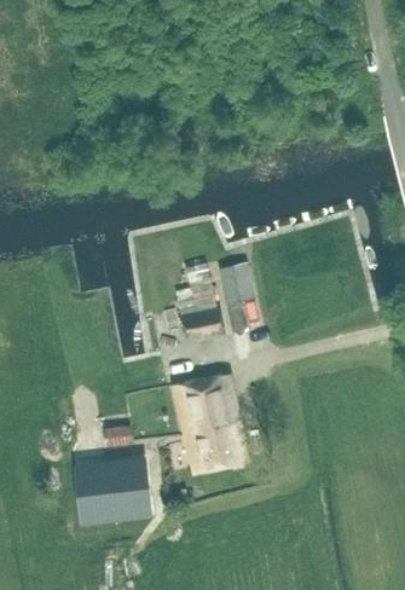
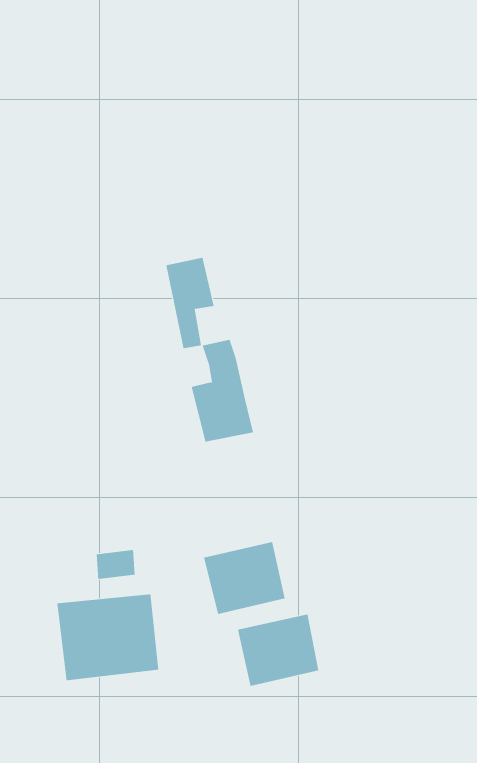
building: [219,261,256,331] -> [165,257,214,349]
building: [177,374,239,429] -> [237,614,319,686]

